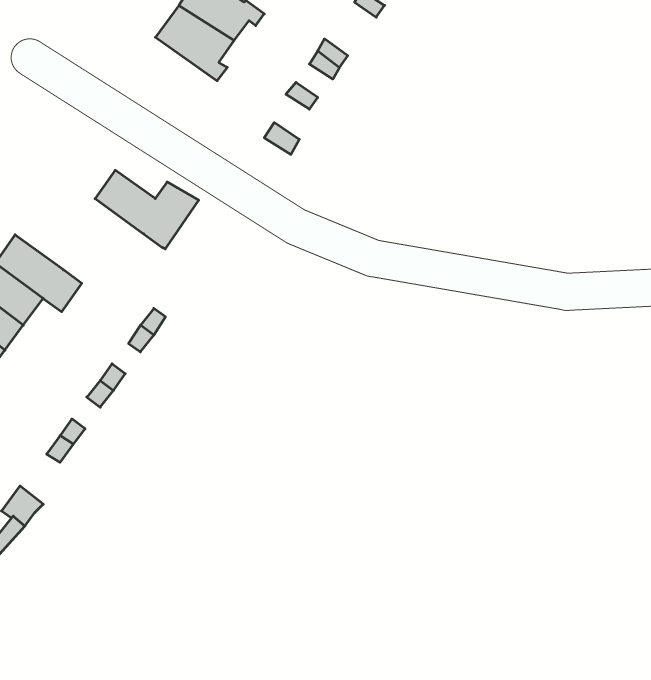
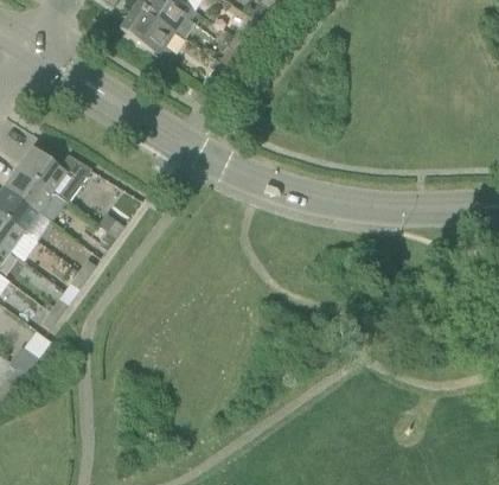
building: [95,170,199,249] -> [18,147,91,203]

